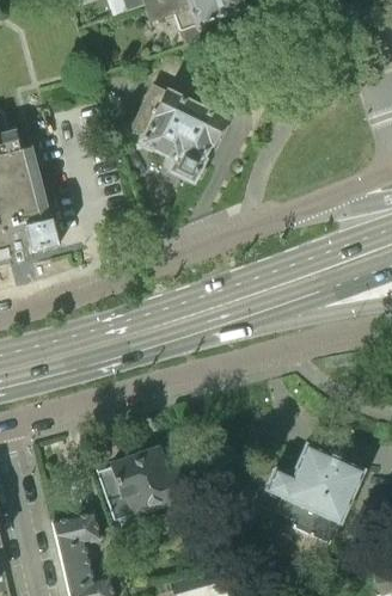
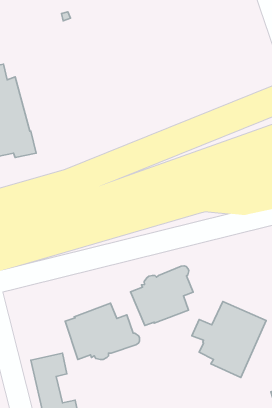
building: [112,84,222,180] -> none
building: none -> [131,266,193,326]

